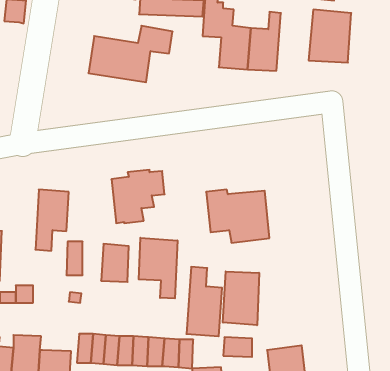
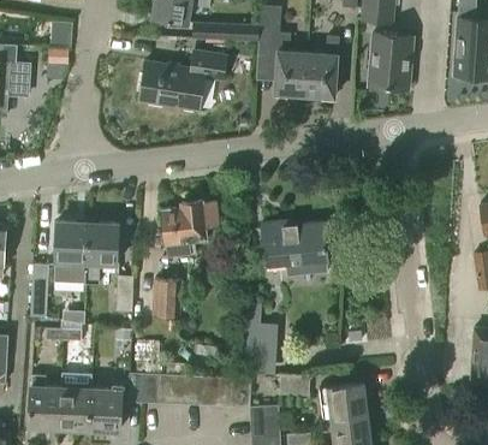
building: none -> [54,220,87,284]
building: [139,238,177,298] -> none
building: [223,271,259,325] -> none

